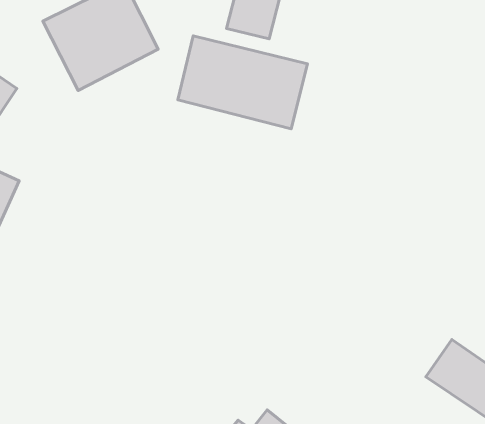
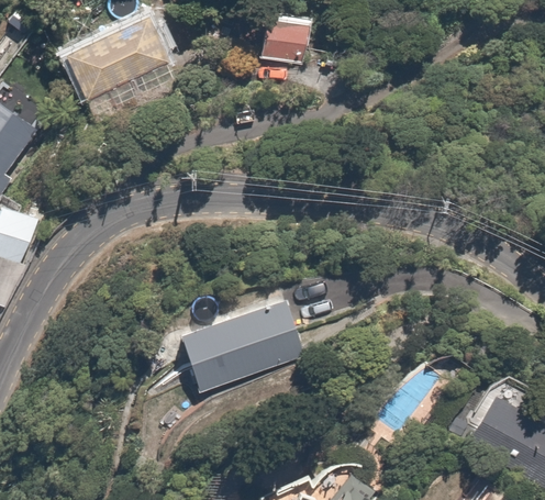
building: [178,36,307,129] -> none
building: none -> [179,303,305,392]

